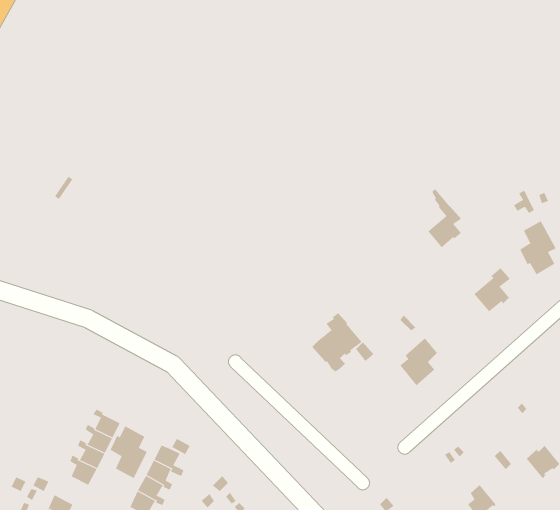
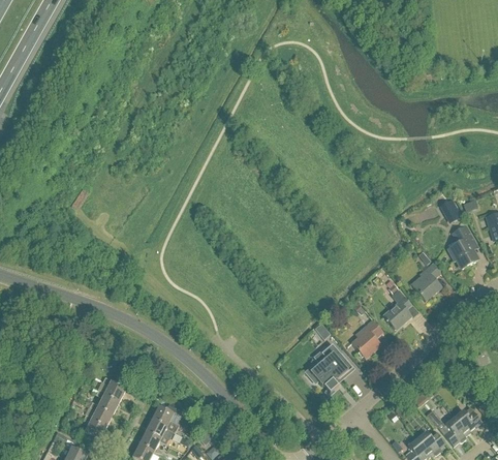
building: [428,188,462,248] -> [383,279,411,328]
building: [311,312,362,372] -> [310,343,351,392]
building: [110,425,148,479] -> none
building: none -> [439,417,467,444]
building: none -> [416,430,445,454]

